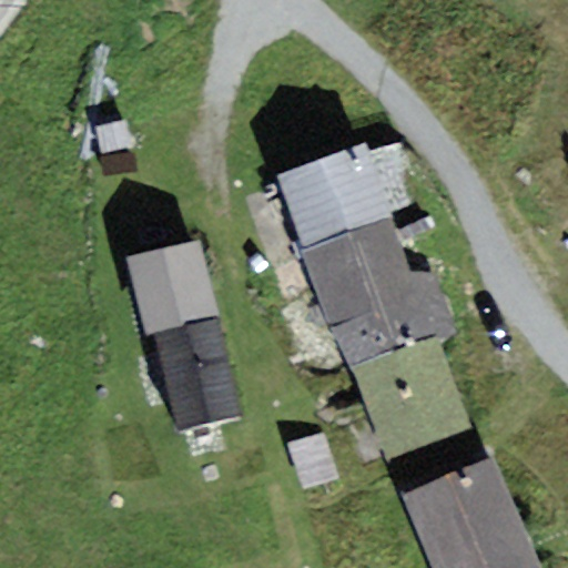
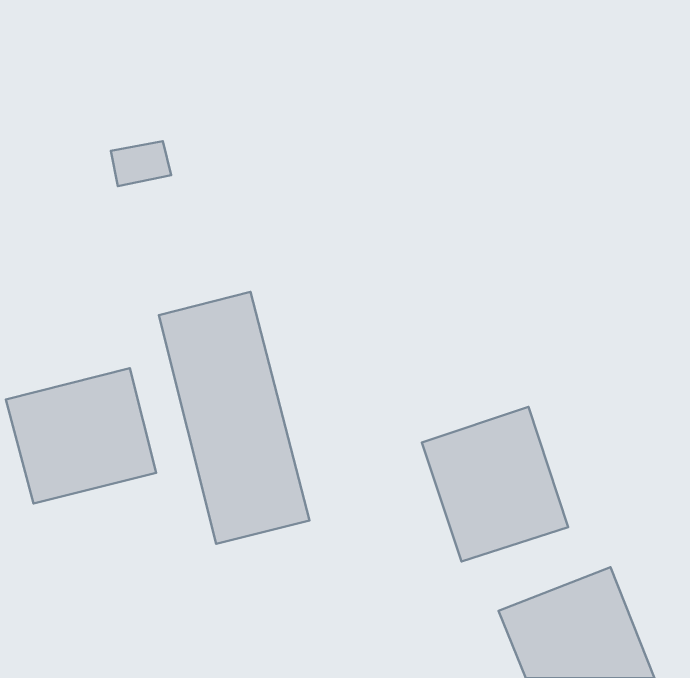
building: [280,144,428,358] -> none
building: none -> [6,368,156,504]

